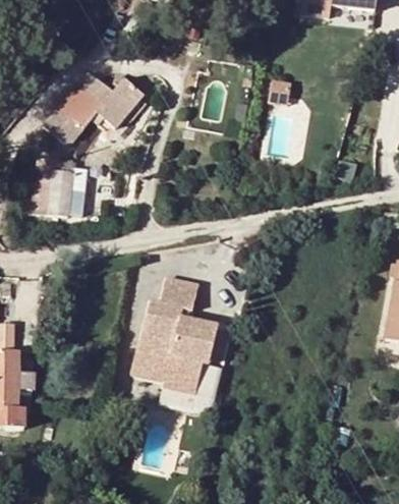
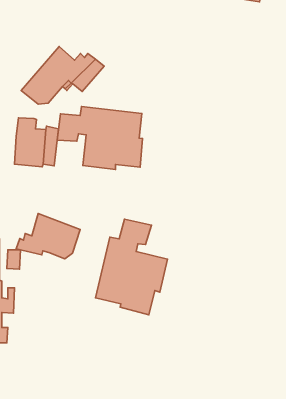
building: none -> [57,106,142,169]
building: none -> [16,214,80,259]

